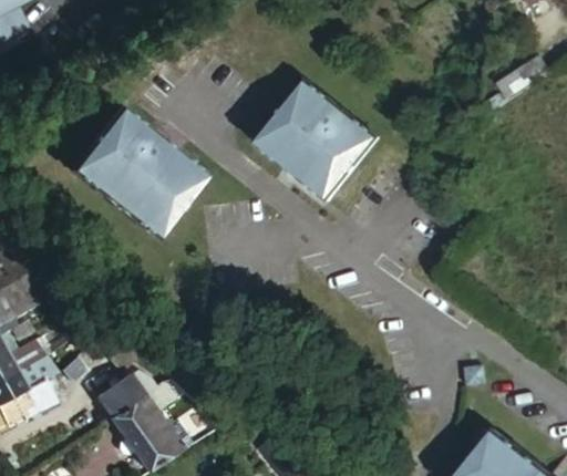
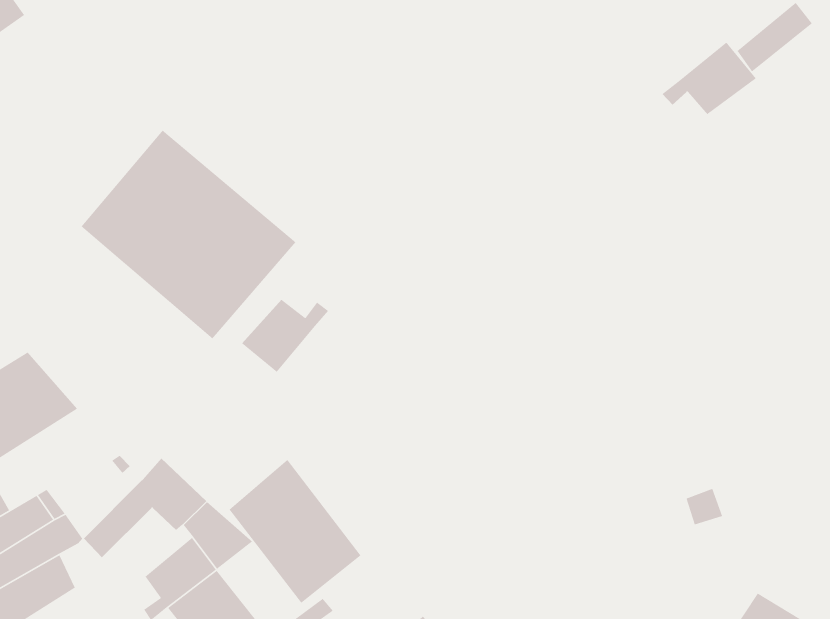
building: none -> [661,42,757,115]
building: [254,84,380,210] -> none
building: none -> [241,299,329,373]
building: none -> [228,459,362,604]

